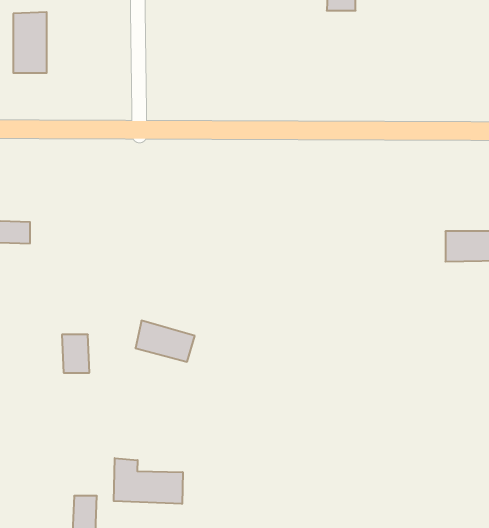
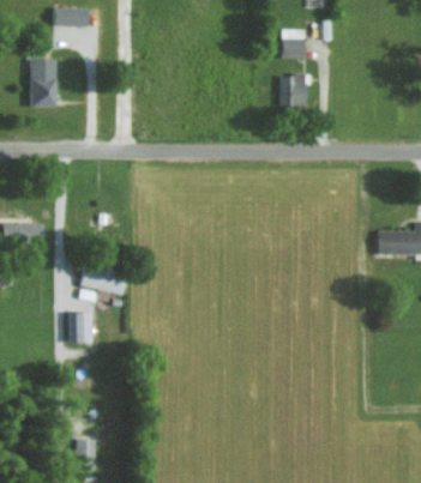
building: none -> [278,74,303,108]
building: [135,321,195,362] -> [84,264,131,296]
building: [114,458,183,504] -> none

